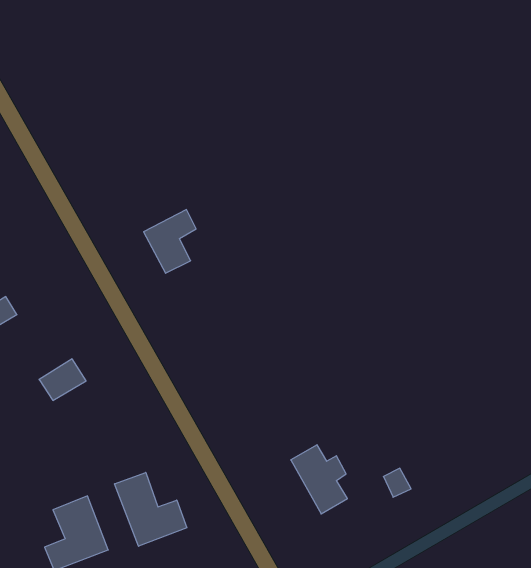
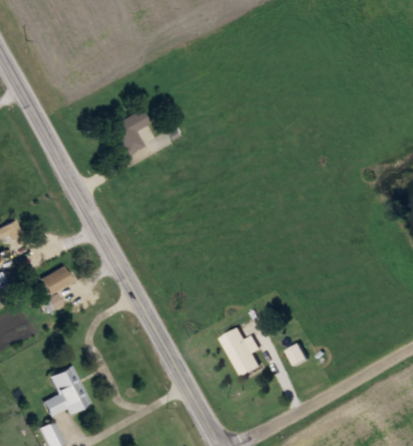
building: [144,210,196,273] -> [111,109,149,156]
building: [115,472,187,546] -> none

